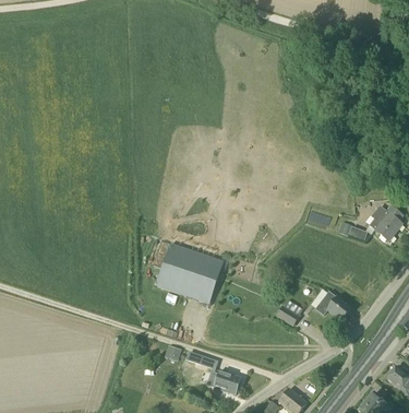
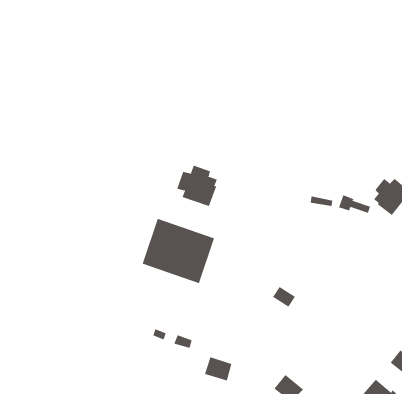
building: none -> [177,165,218,207]
building: [315,291,350,320] -> none

